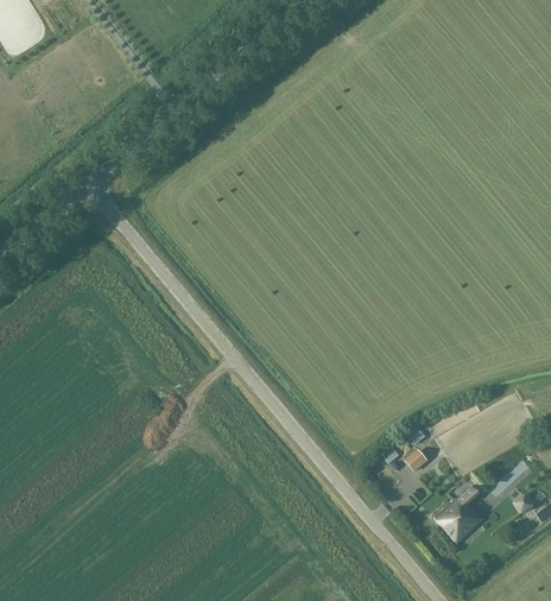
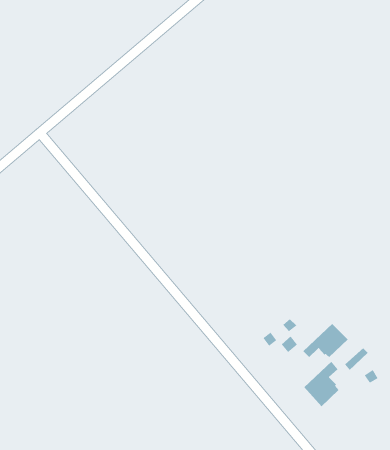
building: none -> [303,323,349,358]

